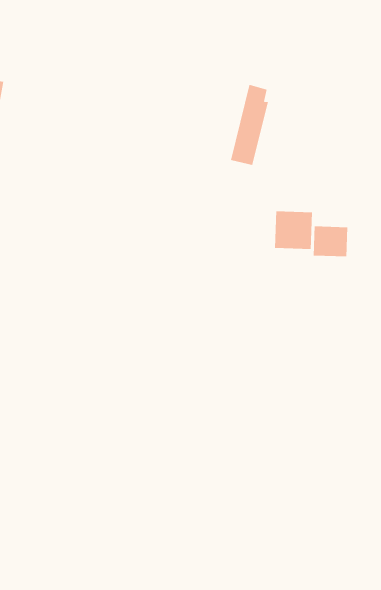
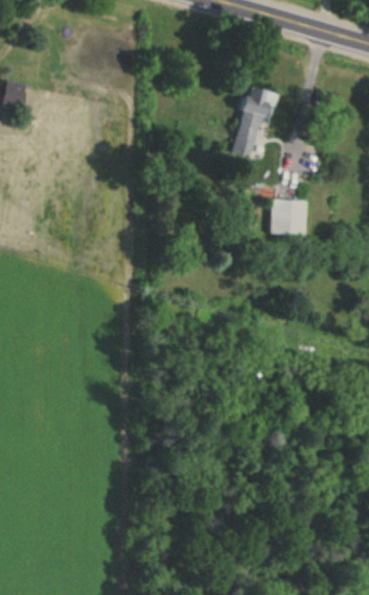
building: [313,226,348,257] -> none

